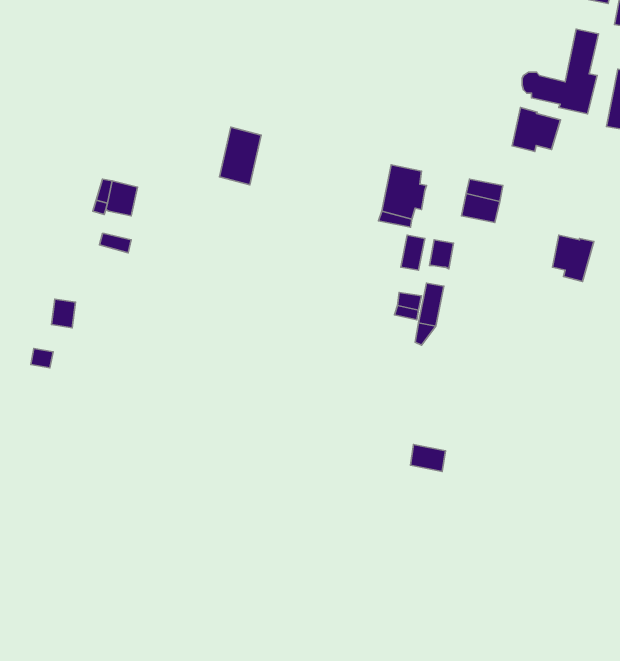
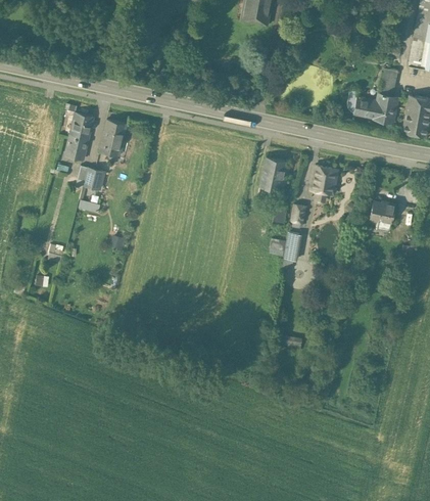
building: none -> [64,112,93,160]
building: [512,107,561,152] -> none
building: [220,127,261,185] -> [99,119,126,155]

